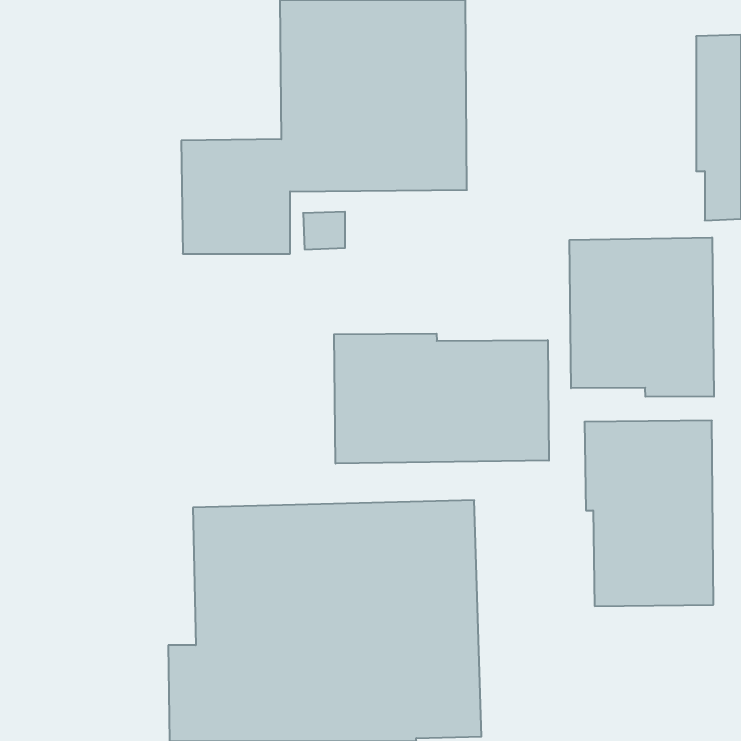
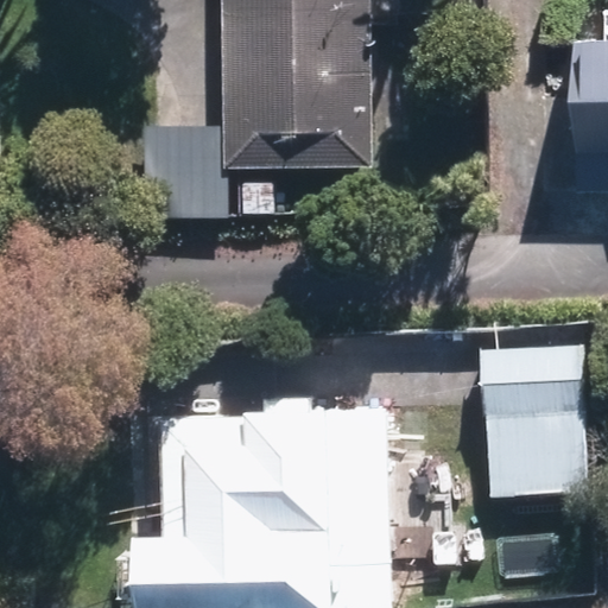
building: [570,237,714,397] -> none
building: [334,334,549,464] -> none

